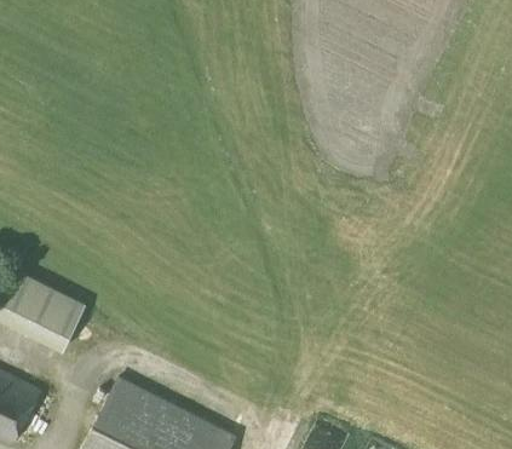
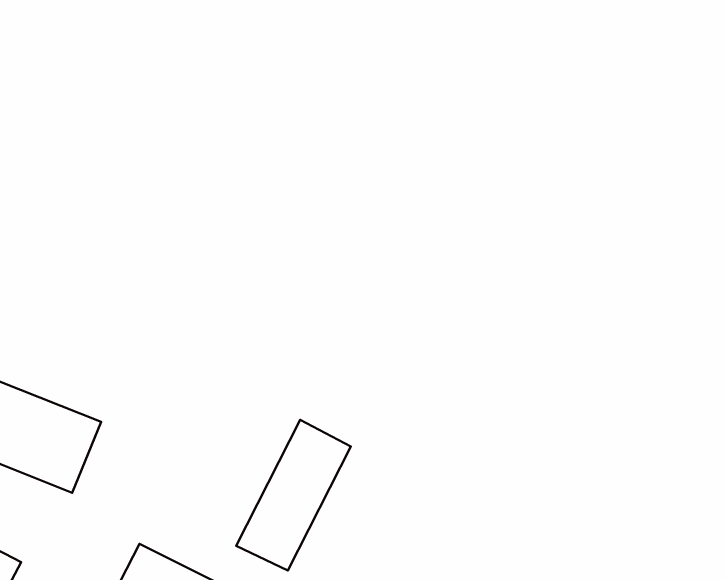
building: none -> [236,420,351,571]

